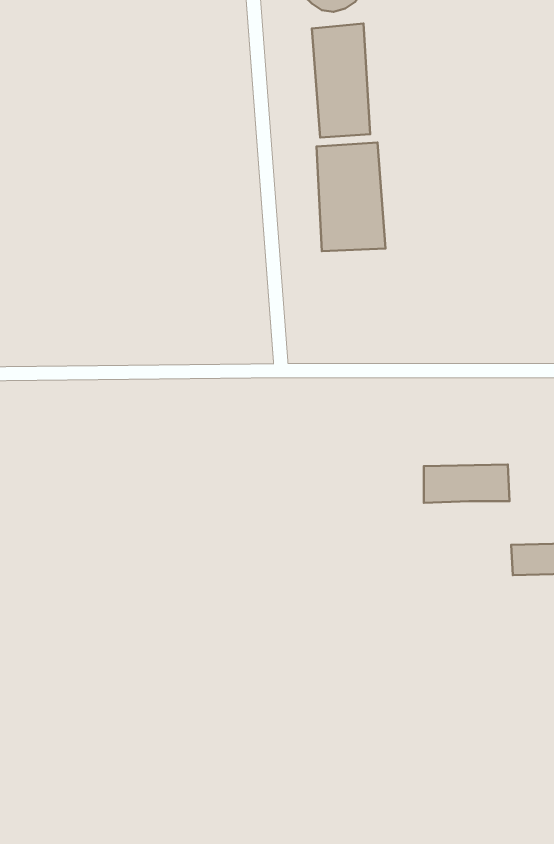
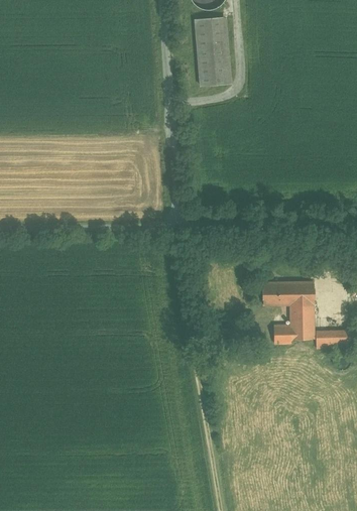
building: [316,143,385,251] -> none
building: none -> [273,303,314,342]

